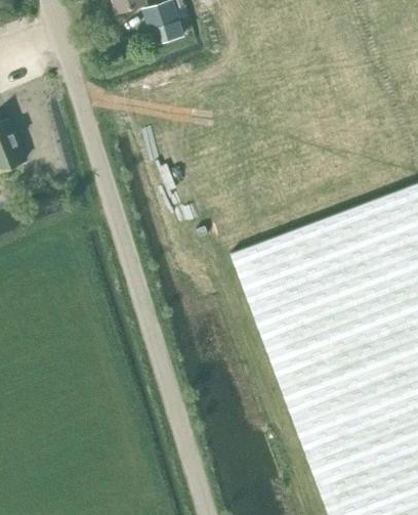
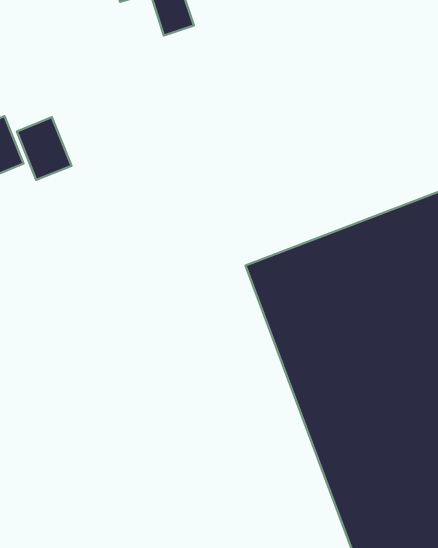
building: none -> [17,117,72,180]

